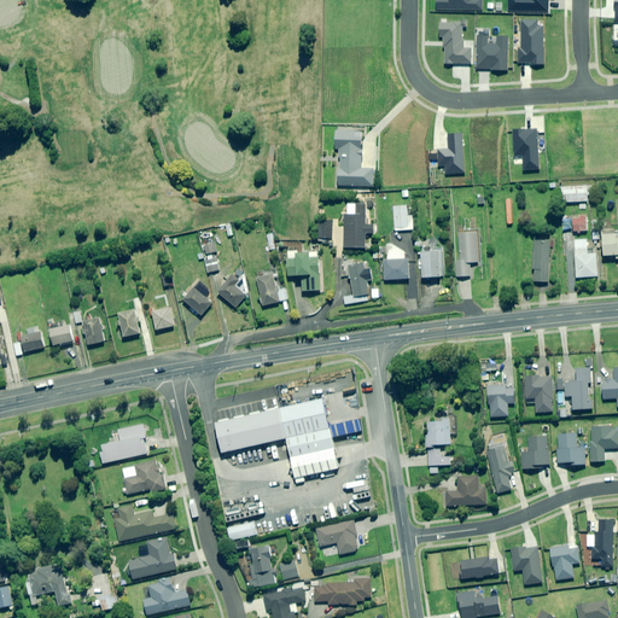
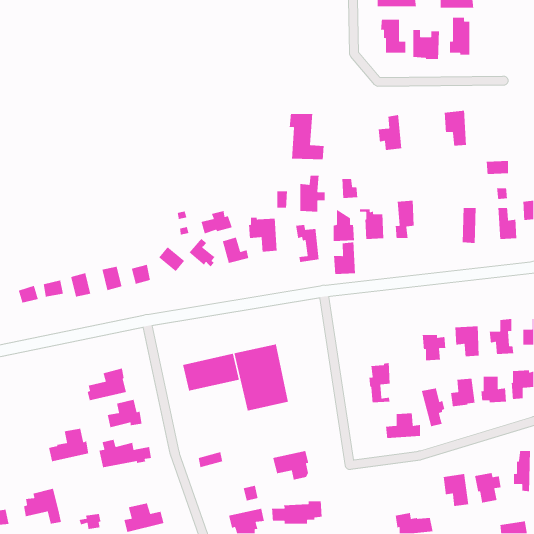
building: none -> [201,210,233,234]
building: none -> [333,242,356,275]
building: [128,538,175,578] -> [48,428,89,462]
building: [249,544,275,588] -> none
building: [459,556,499,578] -> none

